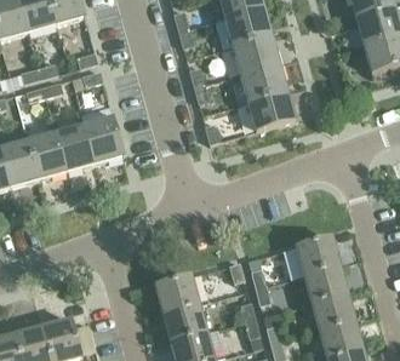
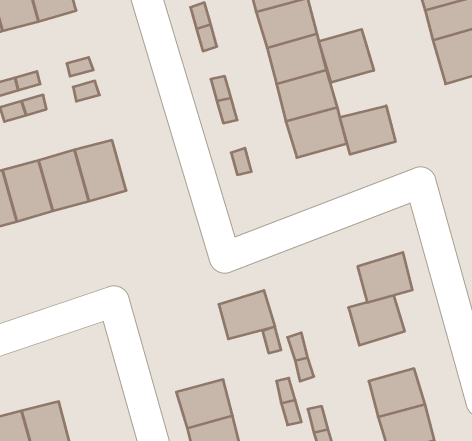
building: none -> [319,29,374,83]
building: none -> [340,106,395,154]
building: [304,263,347,302] -> [358,252,412,303]
building: [155,273,199,310] -> [219,290,275,339]

